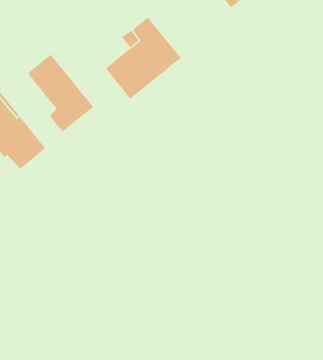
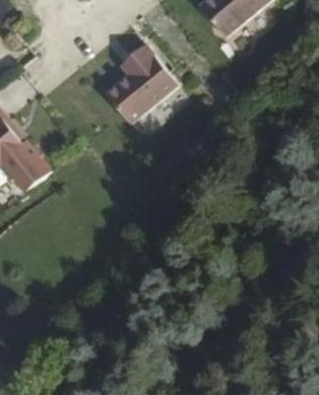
building: [27,54,94,133] -> none

